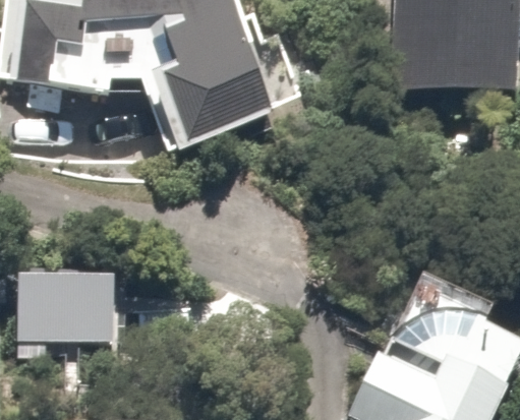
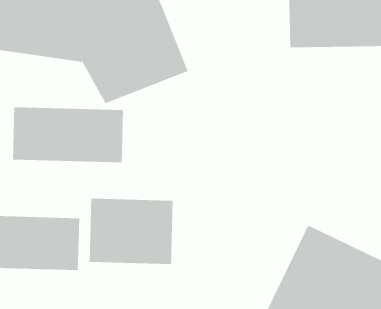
building: none -> [12,106,123,163]
building: none -> [89,198,173,265]

